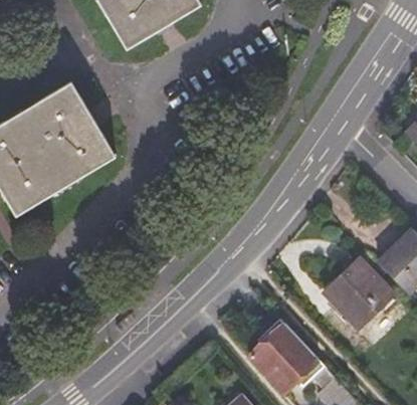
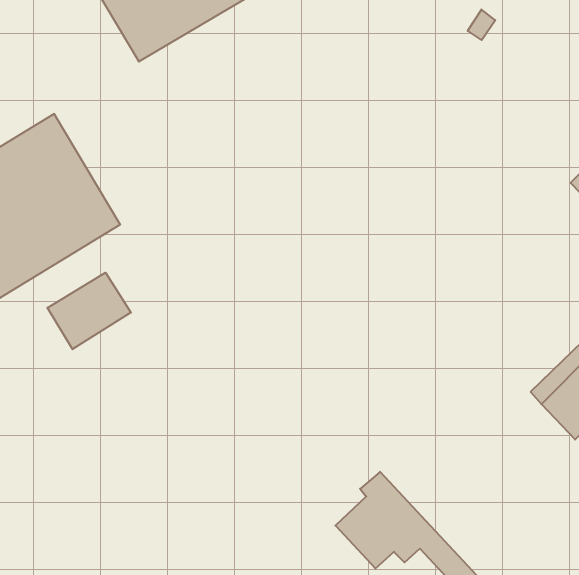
building: none -> [47,273,131,349]
building: [327,257,393,325] -> none

